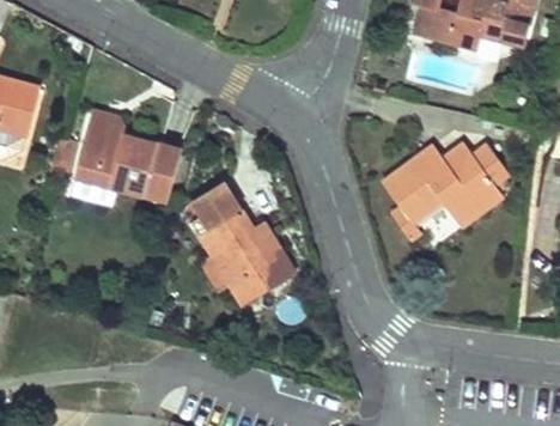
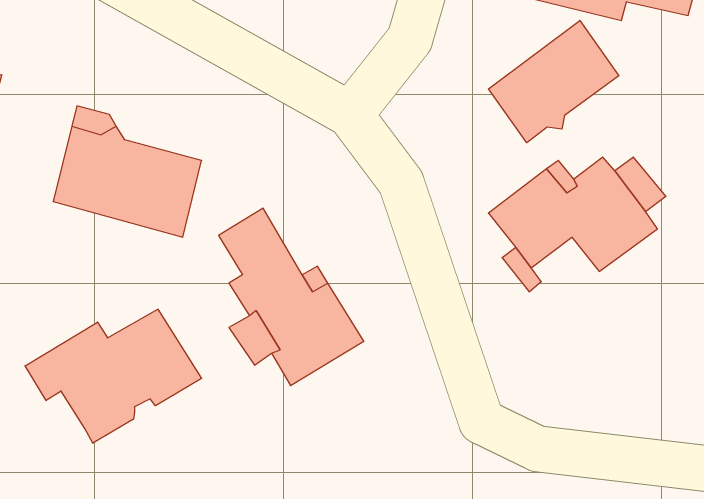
building: none -> [488,20,619,143]
building: none -> [25,309,202,443]

